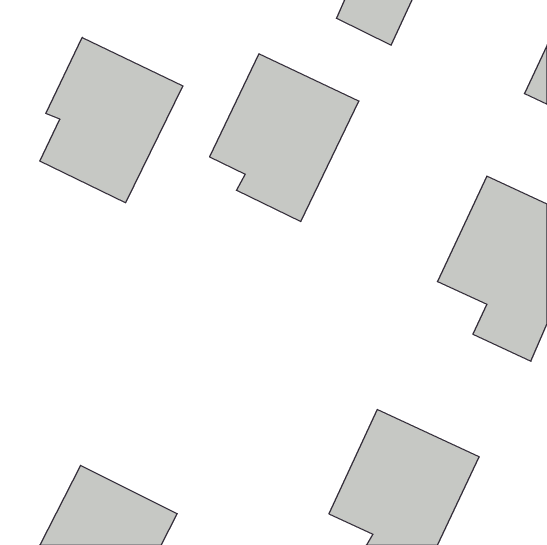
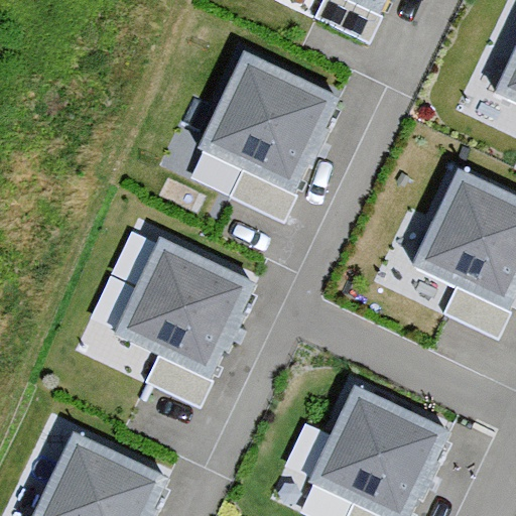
building: [40,37,183,203] -> none
building: none -> [115,239,255,404]

